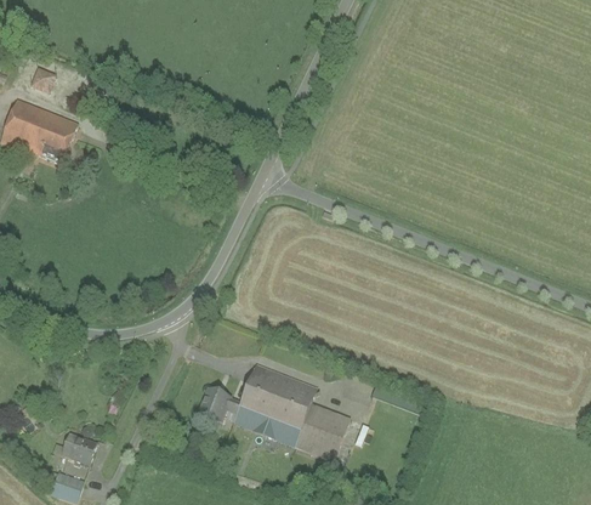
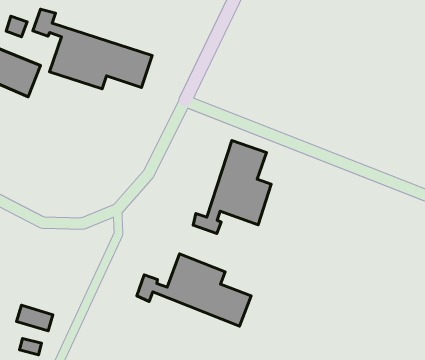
building: none -> [33,9,152,89]
building: none -> [193,140,271,234]

